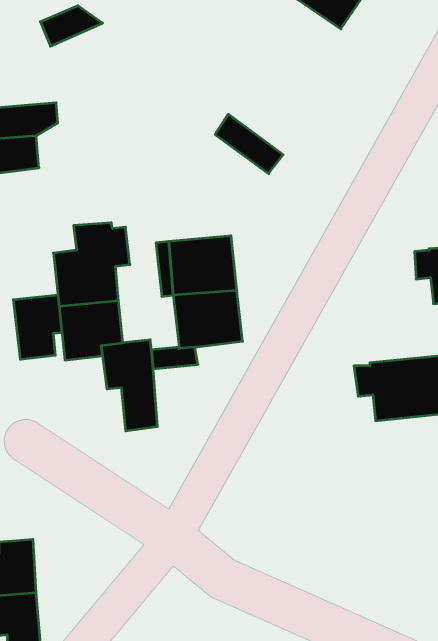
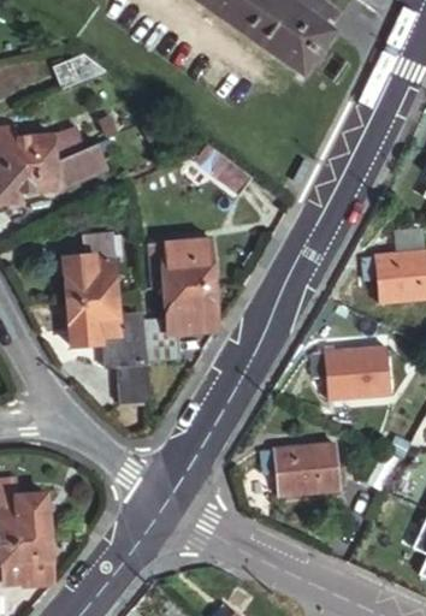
building: none -> [48,144,101,189]
building: [13,295,62,359] -> none
building: none -> [261,444,341,496]

